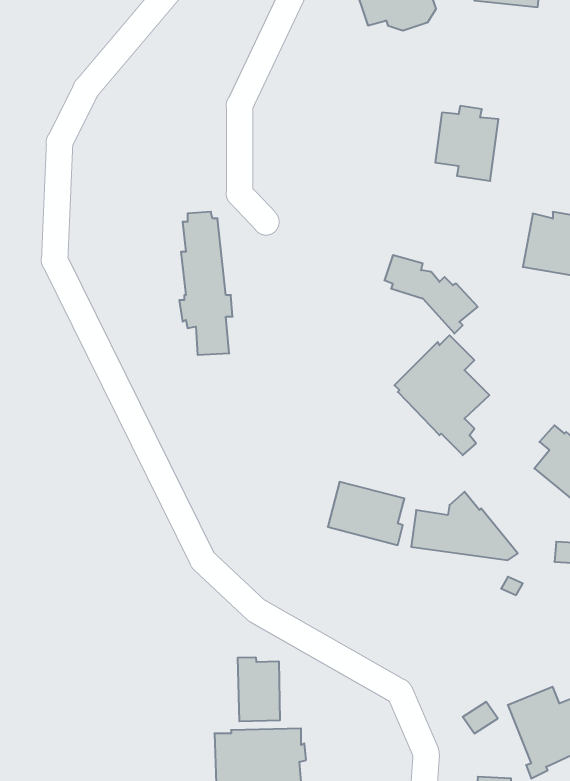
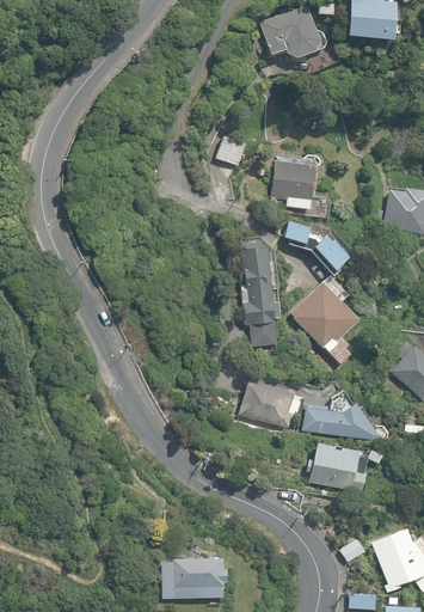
building: [435,106,499,181] -> [270,155,315,209]
building: none -> [214,135,244,165]
building: [179,212,233,355] -> [241,240,279,343]
building: none -> [307,442,365,491]
building: [238,657,280,721] -> none

